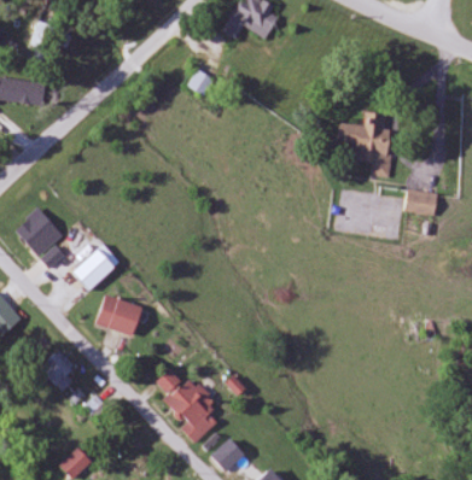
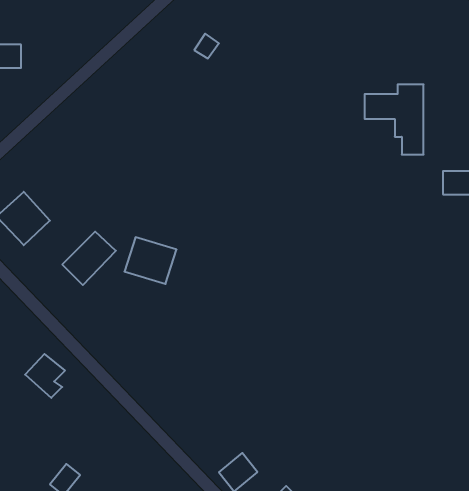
building: [95,295,141,336] -> [124,237,177,284]
building: [157,370,217,443] -> none

